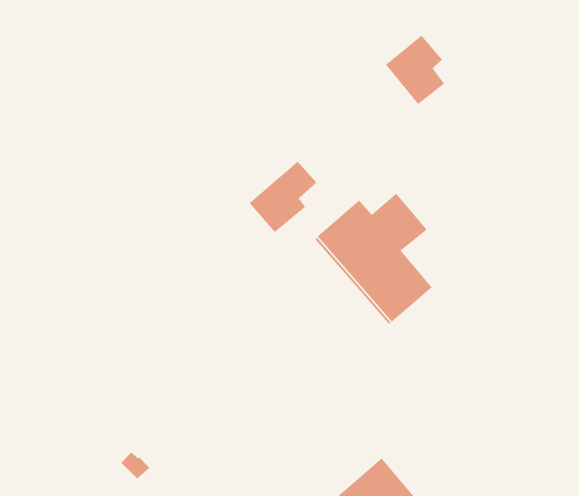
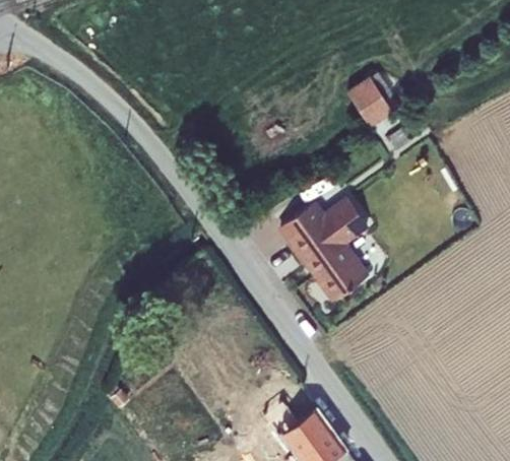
building: [249,161,317,233] -> none

